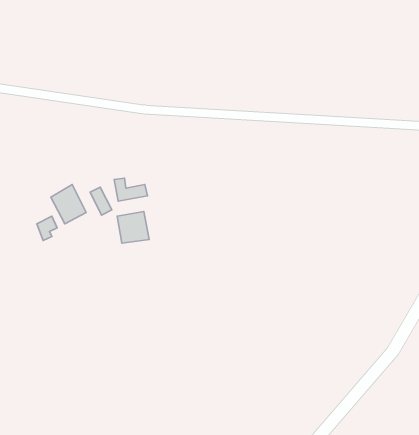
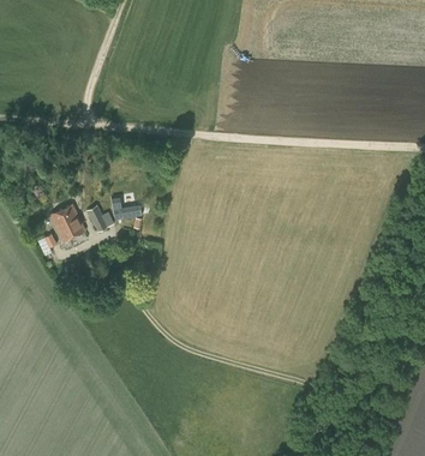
building: [117,212,149,243] -> none

